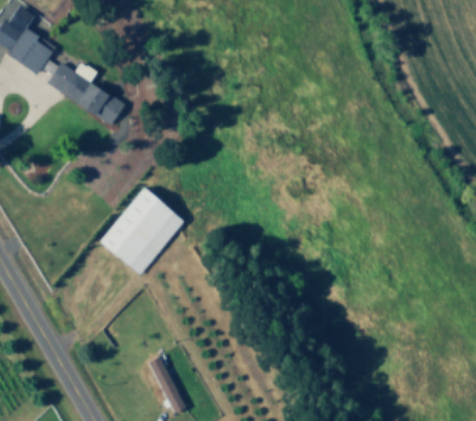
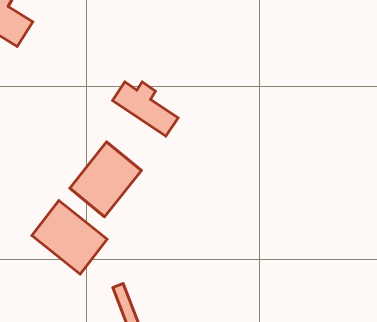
building: [46,60,124,125] -> [112,82,178,136]
building: none -> [32,201,107,274]

